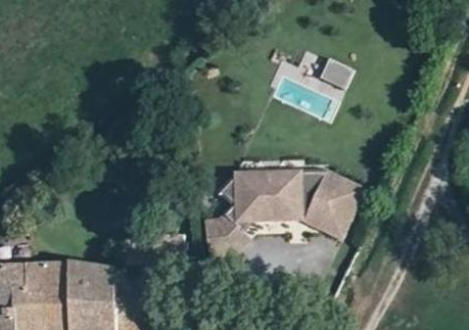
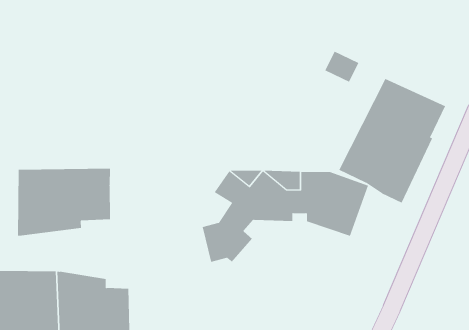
building: none -> [338,78,446,204]
building: none -> [18,168,111,236]

